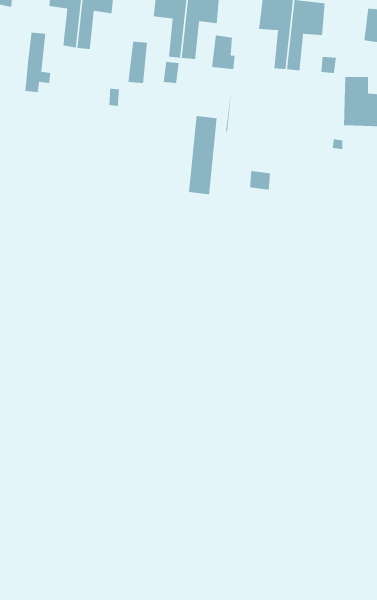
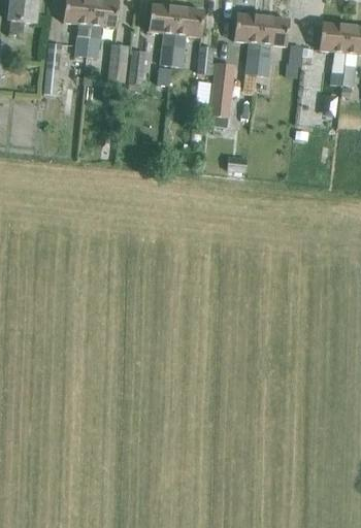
building: none -> [108,42,128,80]
building: [188,115,217,195] -> [209,61,233,126]

